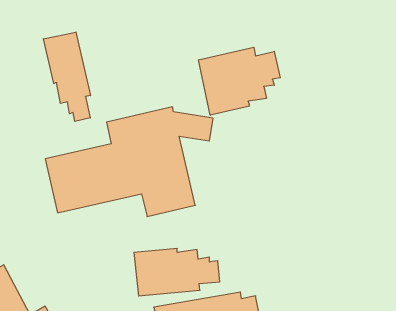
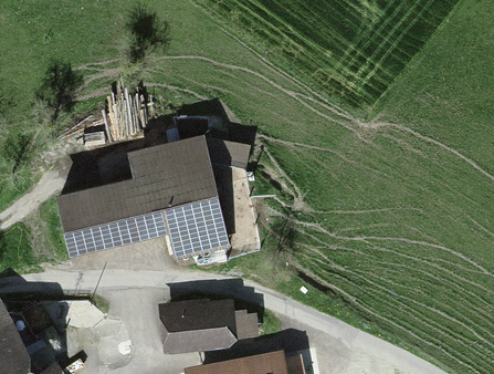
building: [43,32,90,121] -> none
building: [198,47,280,115] -> none

